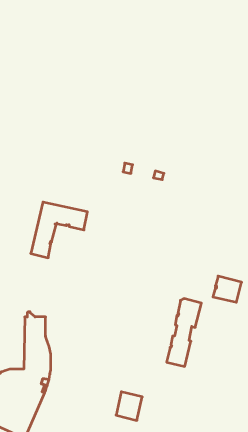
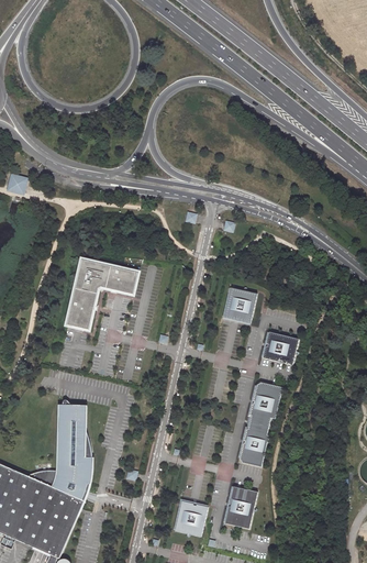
building: none -> [223,286,256,322]
building: [213,276,242,302] -> [262,331,298,364]
building: none -> [224,485,256,527]

